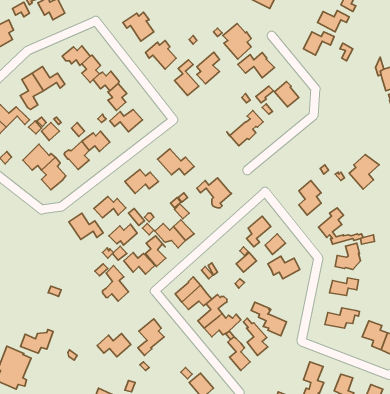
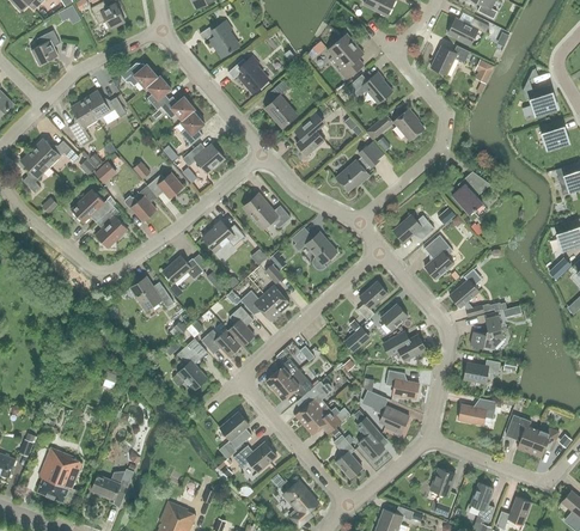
building: [197,52,219,84] -> [295,114,324,154]
building: [349,155,379,189] -> [451,170,489,214]
building: none -> [392,214,434,242]
building: [109,224,137,245] -> none
building: none -> [385,368,419,398]
building: [21,330,53,353] -> [91,468,133,498]
building: [97,333,131,357] -> [232,441,275,471]

